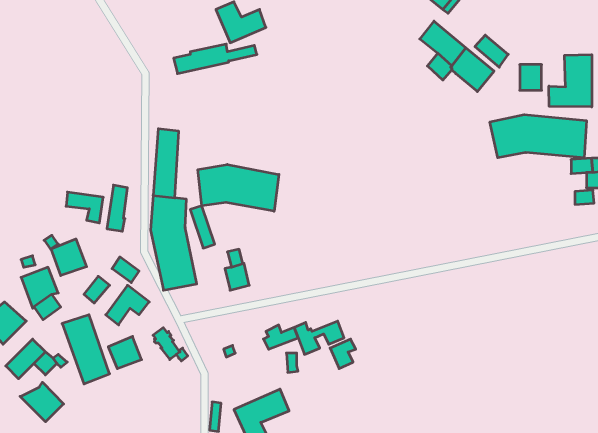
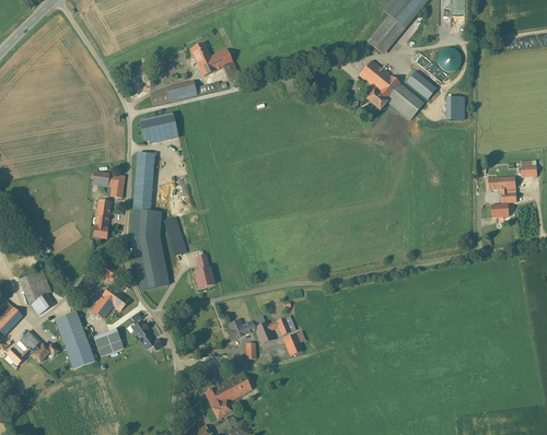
building: none -> [438,48,461,71]
building: [549,55,592,107] -> none
building: none -> [138,113,179,144]
building: [490,115,586,158] -> none
building: [198,164,279,211] -> none
building: [66,192,103,223] -> [93,172,125,198]
building: [51,239,87,276] -> none
building: [20,382,64,422] -> none

